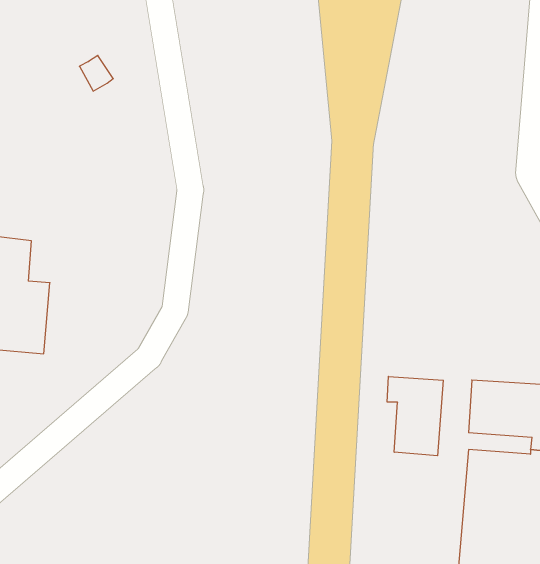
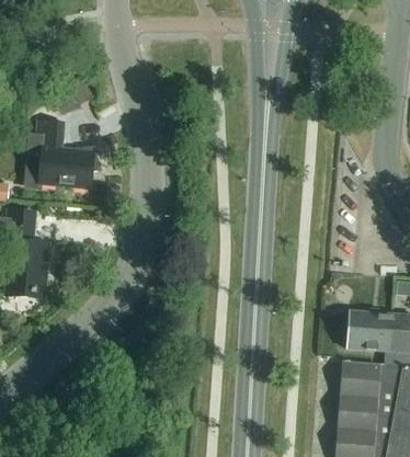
building: none -> [25,118,99,192]
building: [387,376,443,456] -> none

